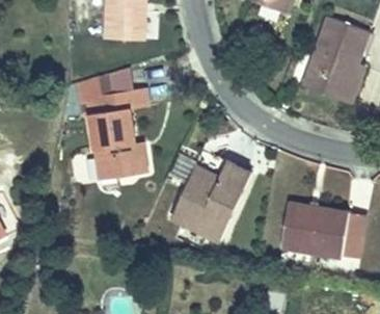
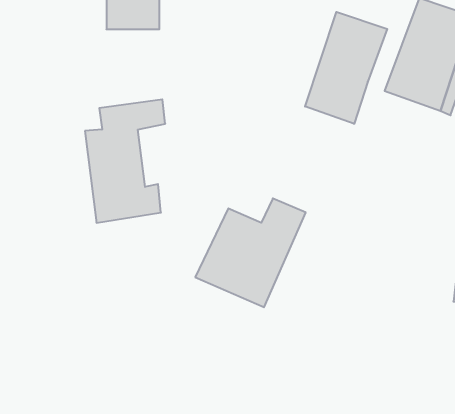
building: none -> [305,12,387,124]
building: [280,203,347,255] -> none

